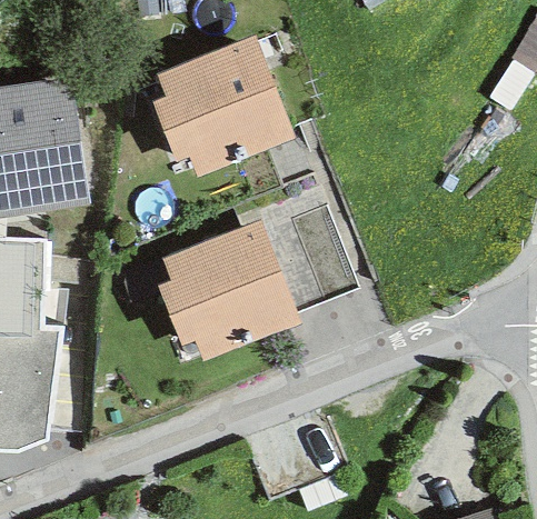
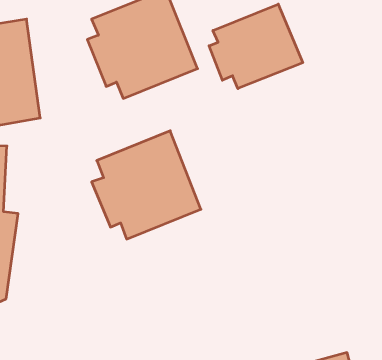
building: none -> [209,4,303,89]

